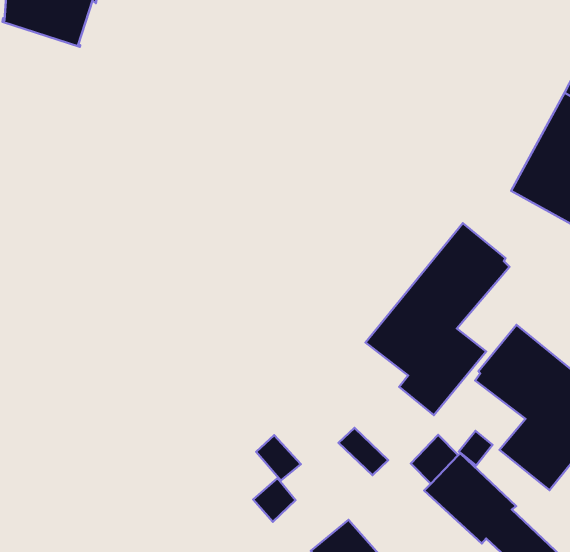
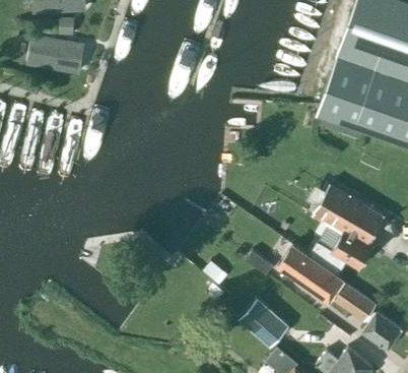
building: [366,223,510,415] -> none

